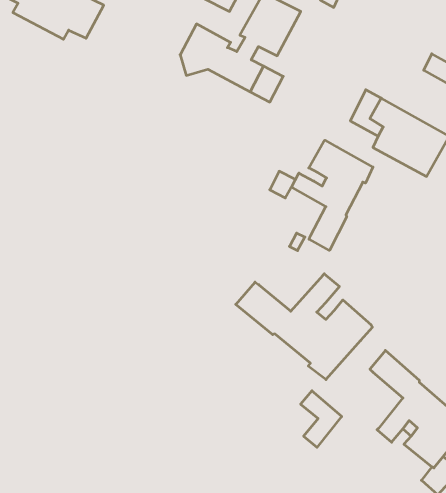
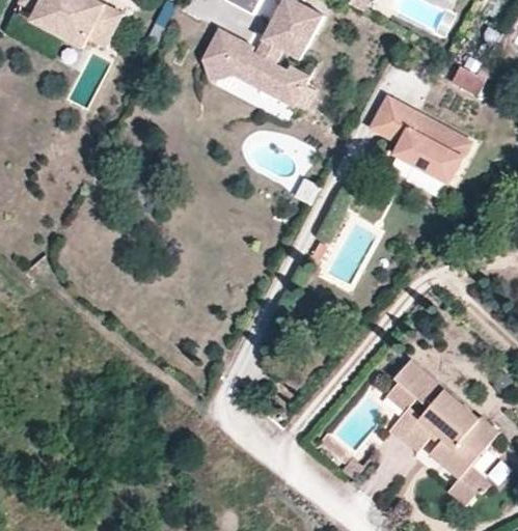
building: [291,140,373,250] -> none
building: [236,274,372,380] -> none
building: [301,391,342,447] -> [384,380,426,437]

